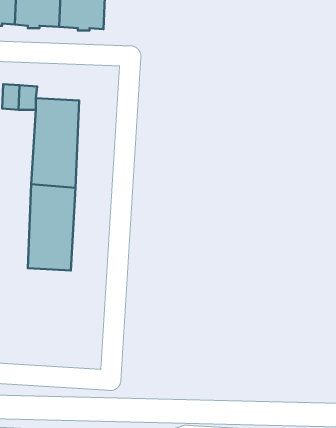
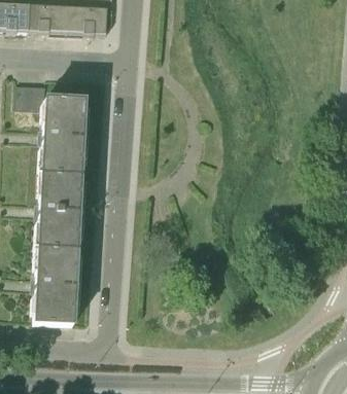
building: none -> [36,246,78,321]

